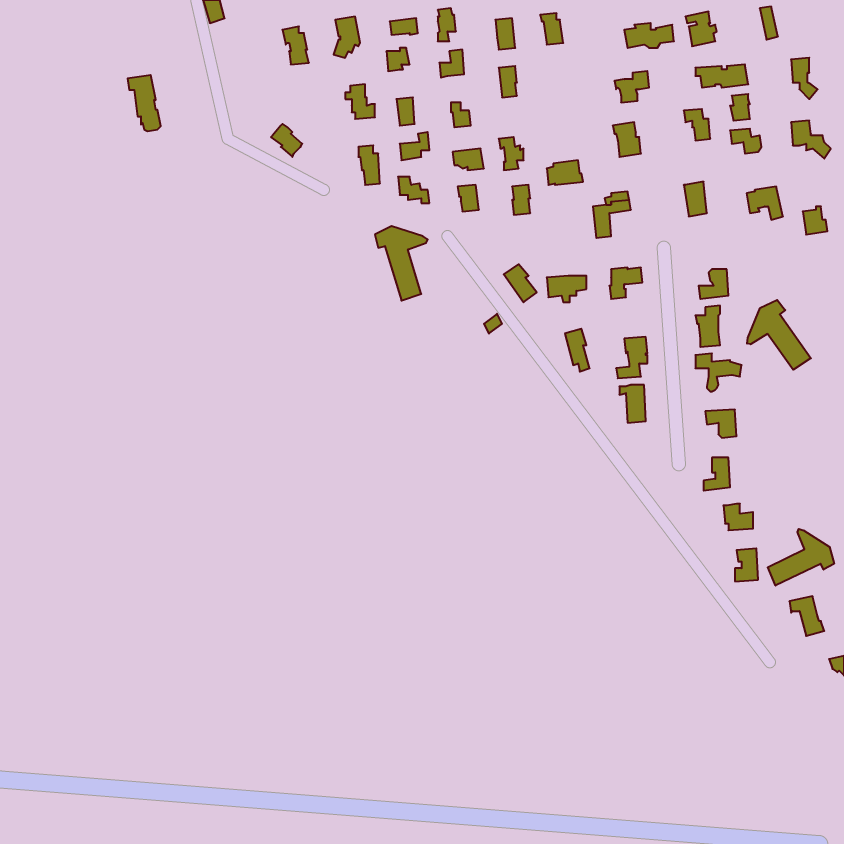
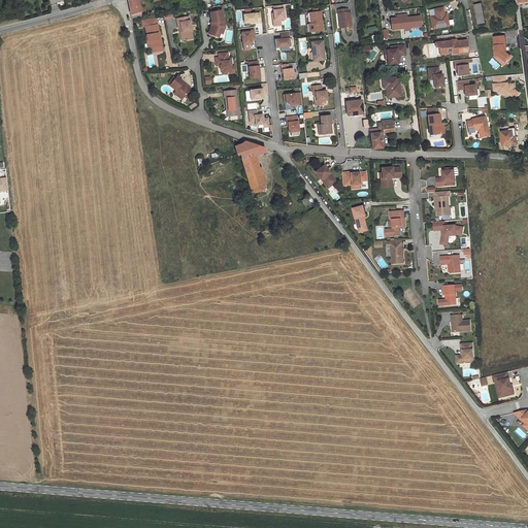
building: [128,75,161,131] -> [141,18,162,53]
building: [747,300,811,370] -> none
building: [768,529,834,586] -> none

